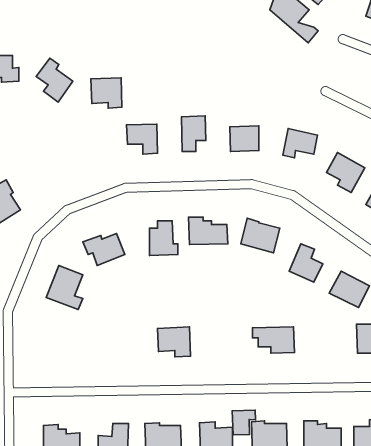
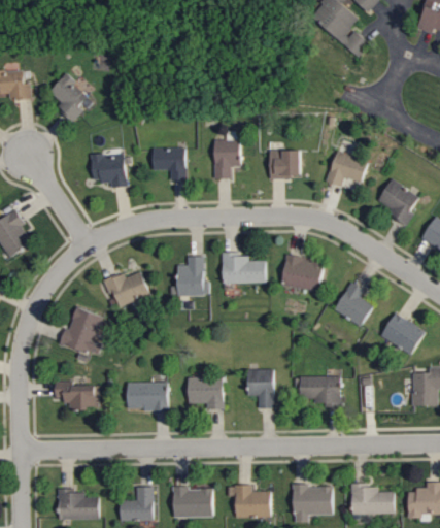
building: [91,78,122,108] -> [91,154,126,188]
building: none -> [247,369,275,409]
building: none -> [55,381,99,409]
building: none -> [127,383,168,410]
building: [232,410,256,435] -> none

